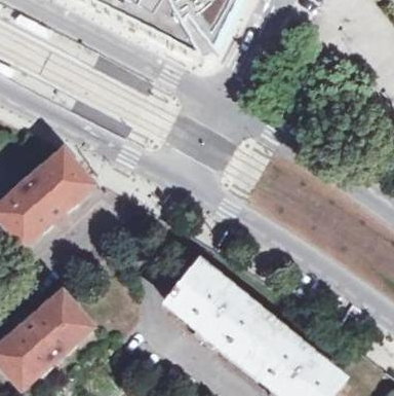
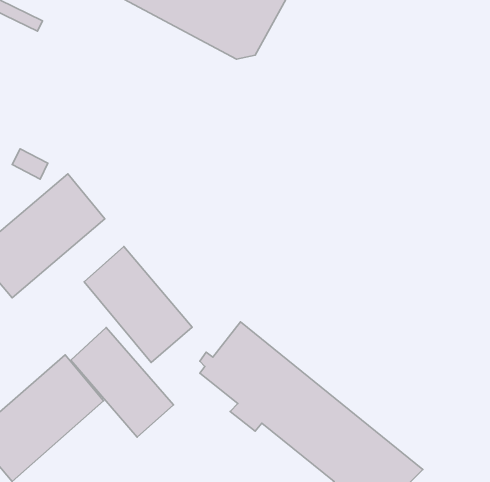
building: none -> [84,246,192,362]
building: none -> [71,328,174,437]

